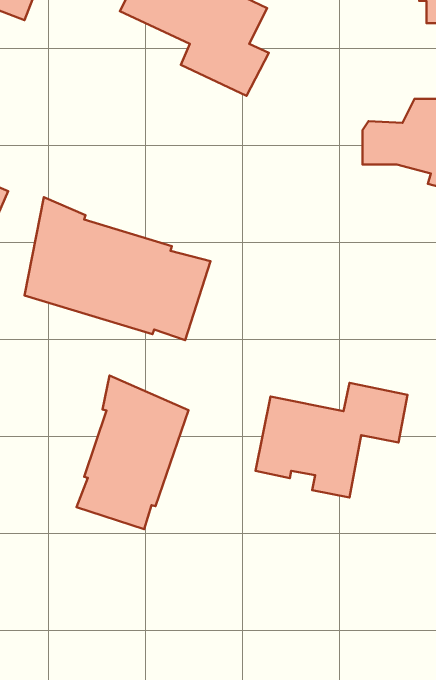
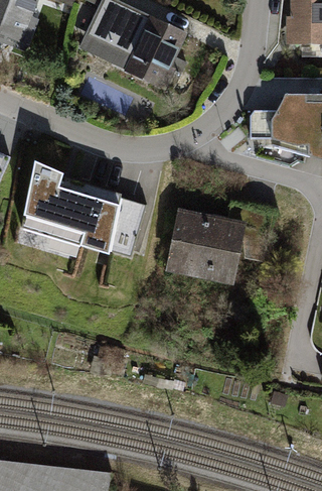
building: [76,376,188,529] -> none
building: [256,383,407,498] -> [169,203,272,280]

